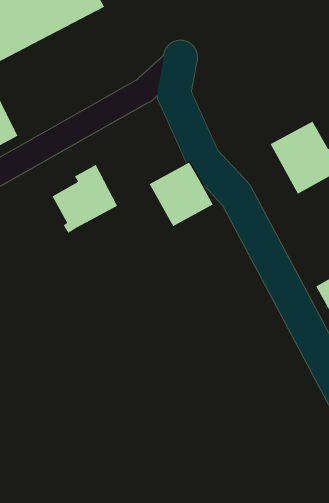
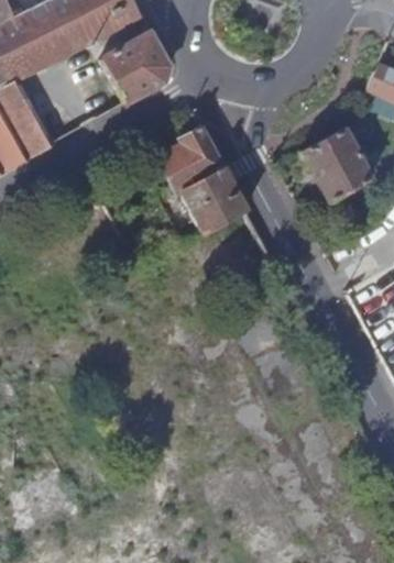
building: none -> [102,34,172,103]
building: [52,164,118,234] -> [158,126,225,196]

